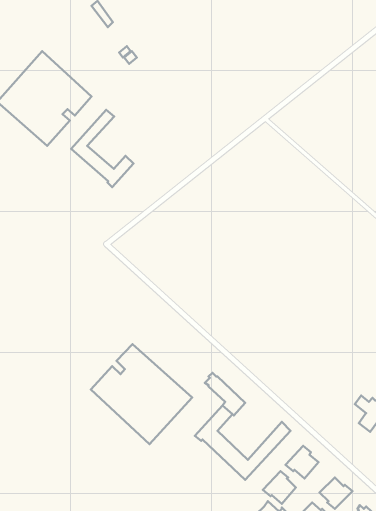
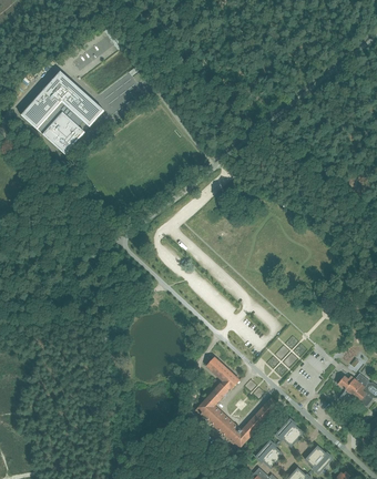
building: [71,110,134,187] -> none
building: [91,344,192,444] -> none

